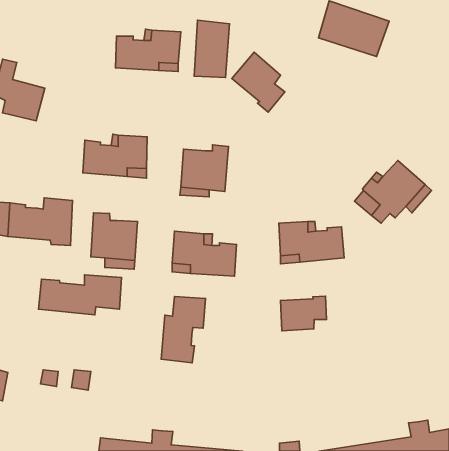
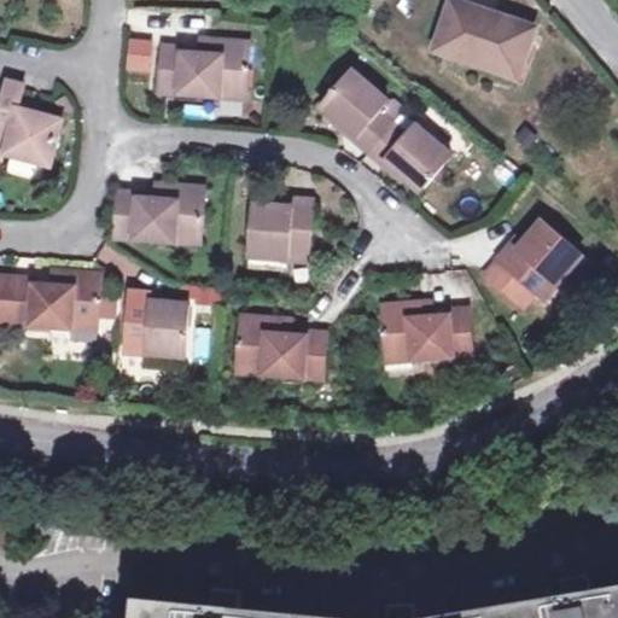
building: [194,20,230,78] -> none
building: none -> [367,126,450,192]
building: [39,275,121,315] -> none
building: [280,296,326,331] -> none
building: [161,297,206,363] -> none

